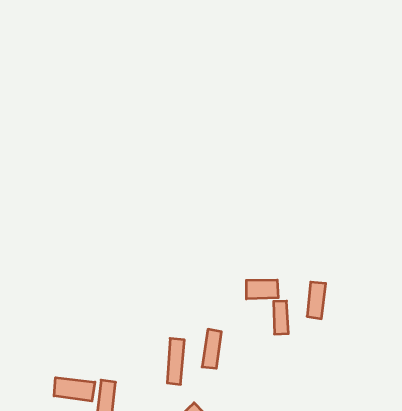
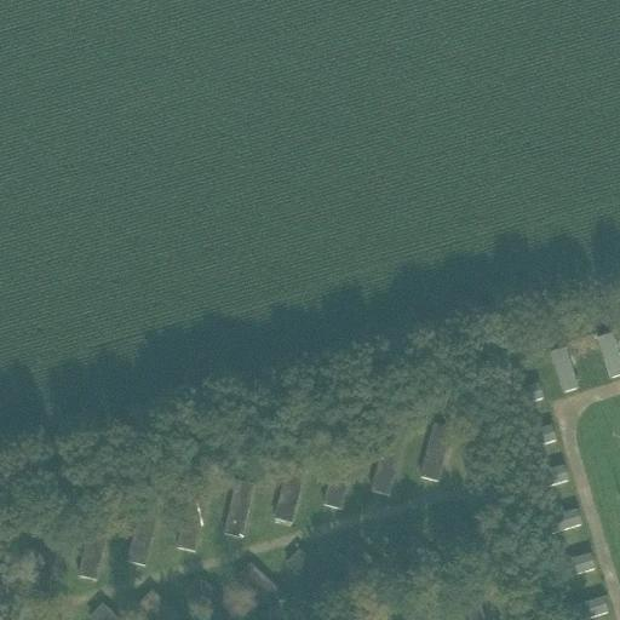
building: [246,280,278,299] -> none
building: [54,378,95,401] -> none

